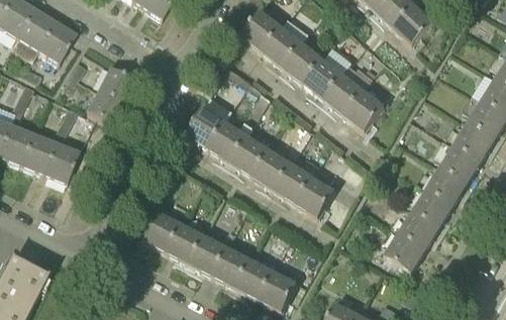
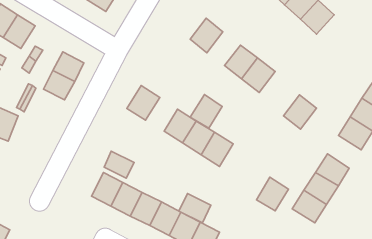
building: [240,10,281,51] -> none
building: [282,42,322,83] -> none
building: [344,90,384,131] -> [284,95,316,129]
building: [208,121,246,162] -> [190,95,222,128]
building: [43,143,79,183] -> none
building: [426,167,467,206] -> none
building: [297,177,335,217] -> [256,177,288,211]
building: none -> [104,151,134,178]
building: none -> [179,193,211,223]

